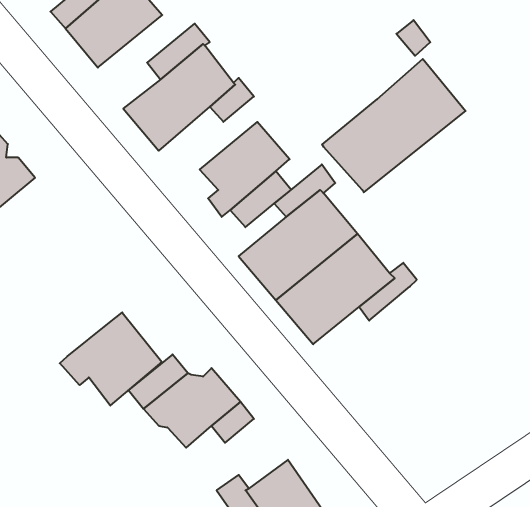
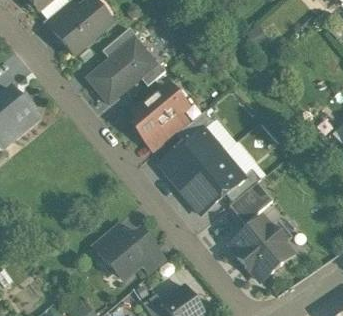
building: [322,59,466,192] -> none
building: none -> [229,181,273,223]
building: [60,312,162,406] -> none
building: none -> [231,216,293,279]

